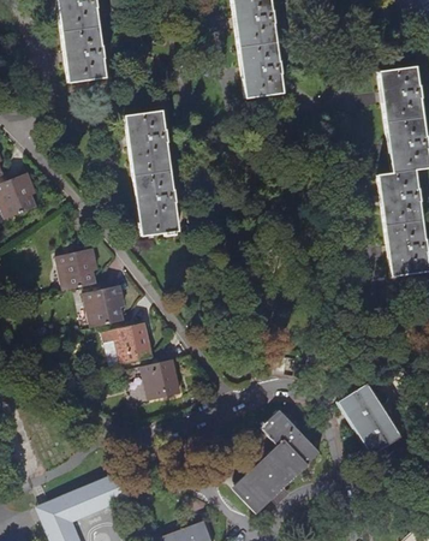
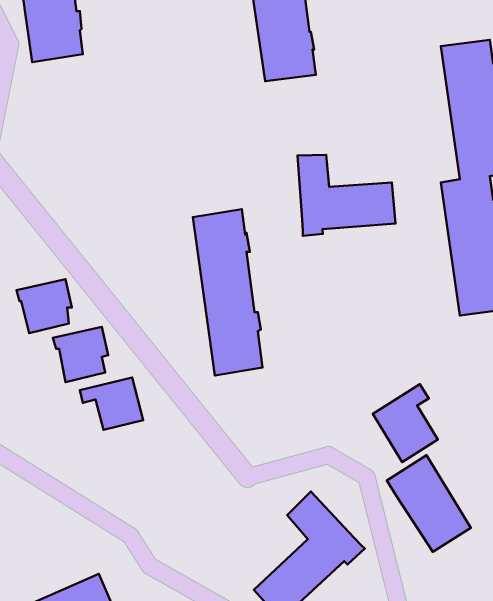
building: [125,111,178,237] -> [193,209,262,376]
building: none -> [298,155,395,236]
building: none -> [373,384,438,462]
building: [141,359,179,402] -> none

